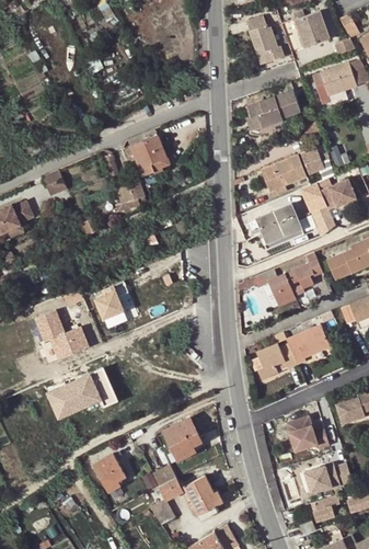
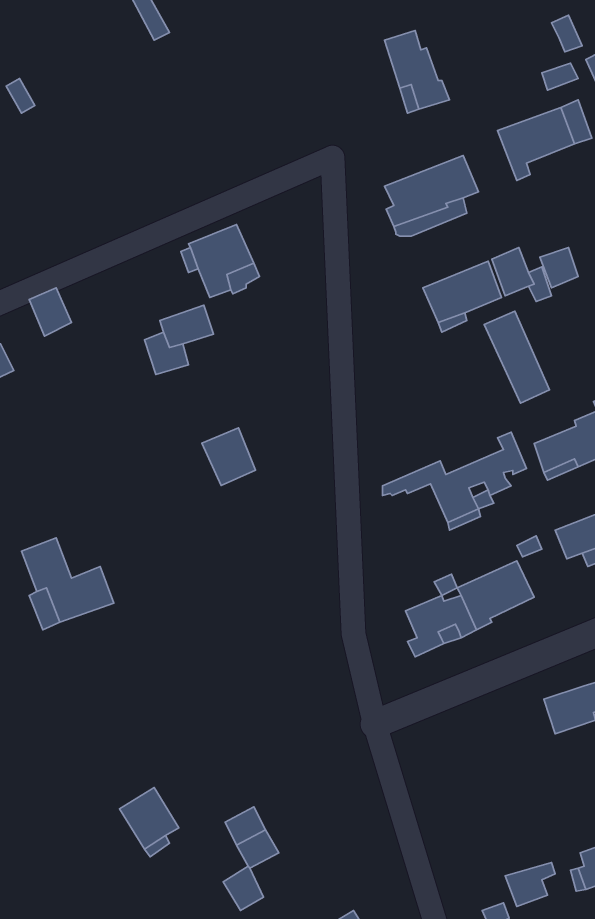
building: [288,11,325,50] -> none
building: [322,178,358,208] -> none
building: [260,201,308,245] -> none
building: [93,287,124,320] -> [202,428,256,485]
building: [46,366,116,420] -> none
building: [286,415,327,450] -> none
building: [163,418,200,460] -> none
building: [307,465,353,495] -> none
building: [184,474,222,519] -> none

